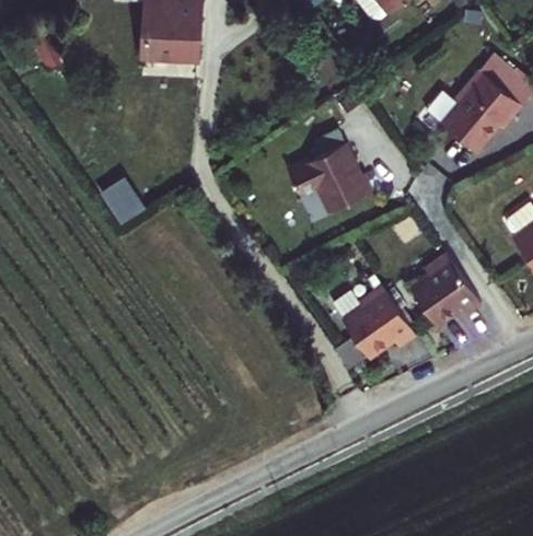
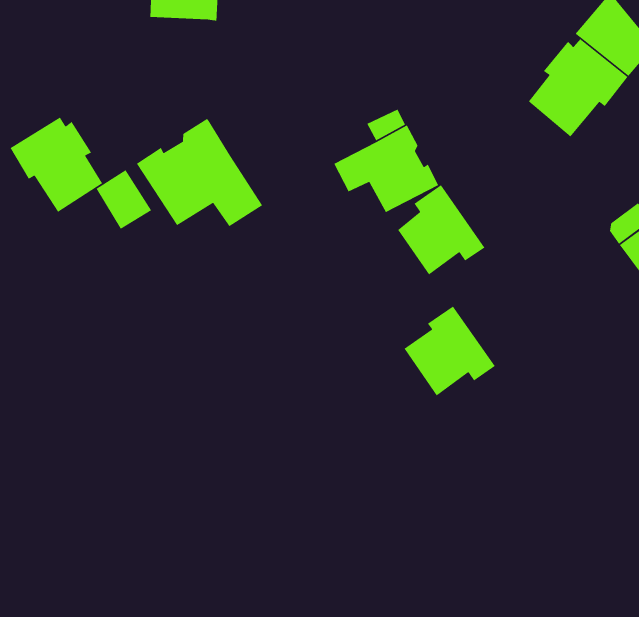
building: none -> [10,117,103,213]
building: none -> [136,118,263,227]
building: [412,253,482,325] -> [397,184,485,275]

